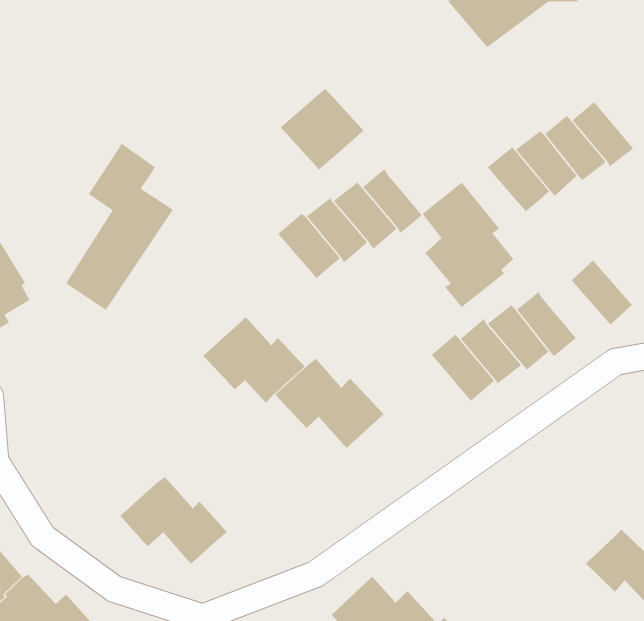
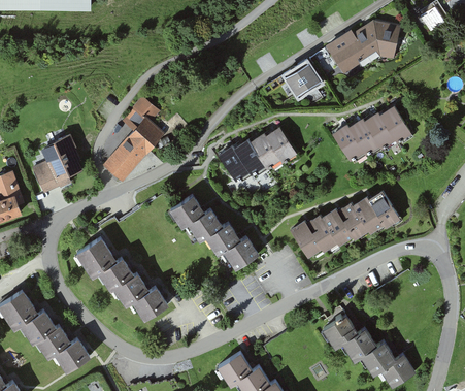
building: [280,88,364,171] -> [280,60,325,103]
building: [422,182,514,308] -> none
building: none -> [353,200,385,236]
building: none -> [76,242,136,297]
building: none -> [318,312,373,359]

